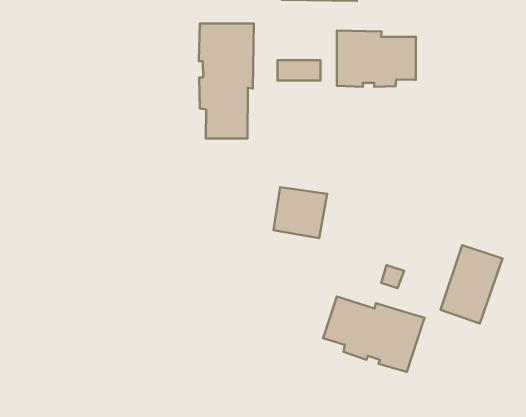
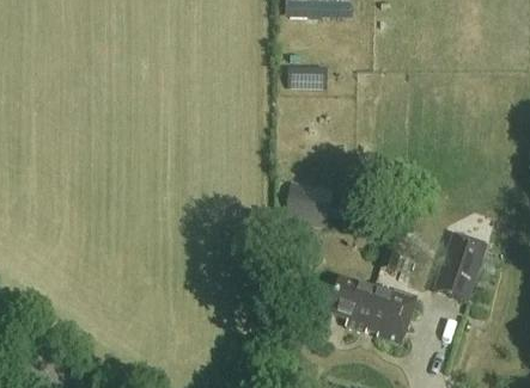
building: [199,23,254,139] -> none
building: [337,31,416,87] -> none

